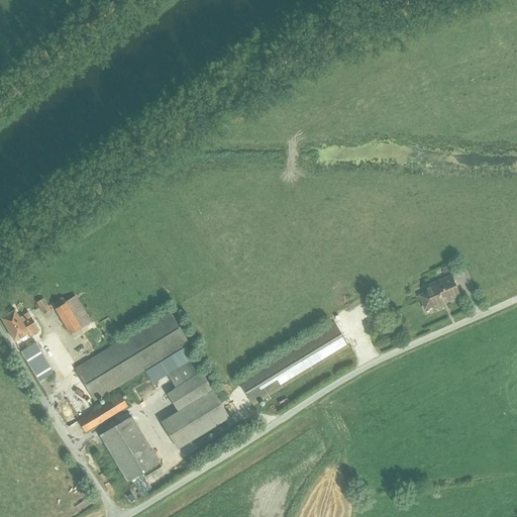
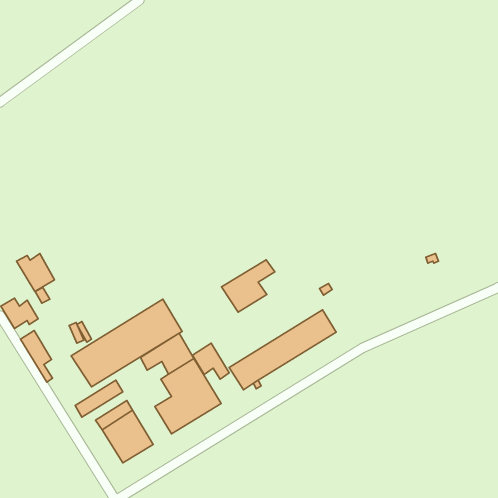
building: none -> [221,260,275,312]
building: [419,274,459,308] -> none
building: [51,295,91,334] -> [16,253,54,291]
building: none -> [192,343,229,379]

